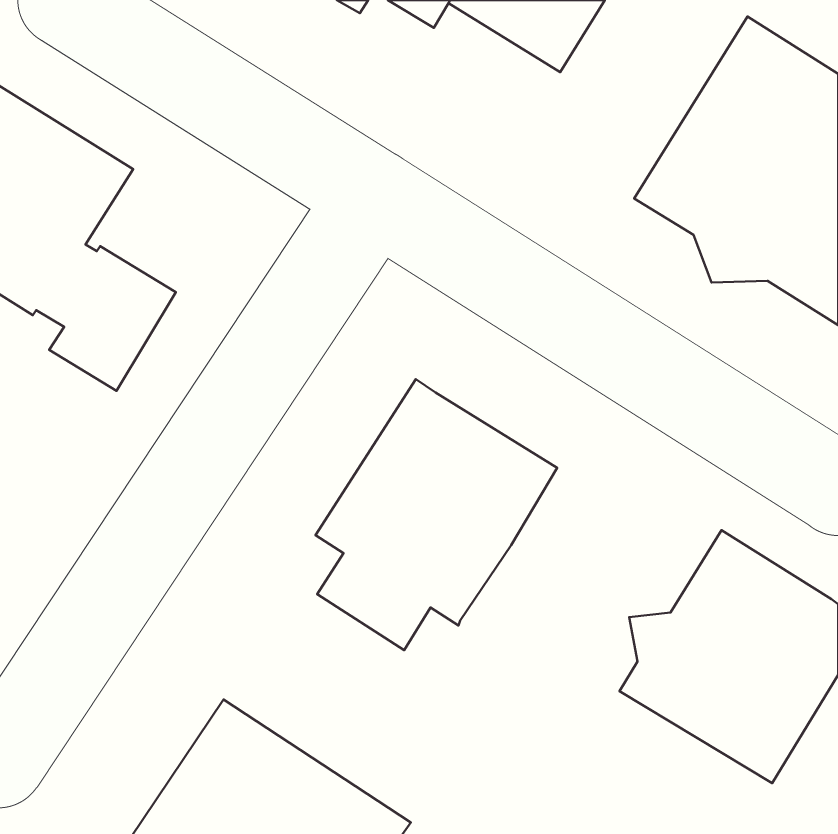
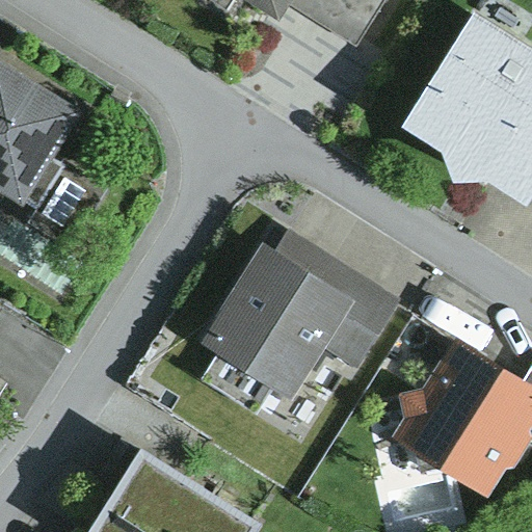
building: none -> [275,230,402,370]

